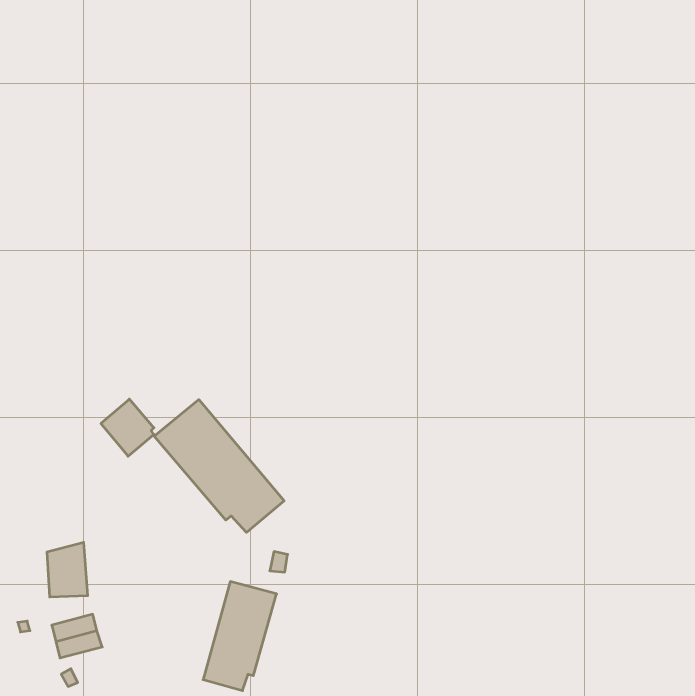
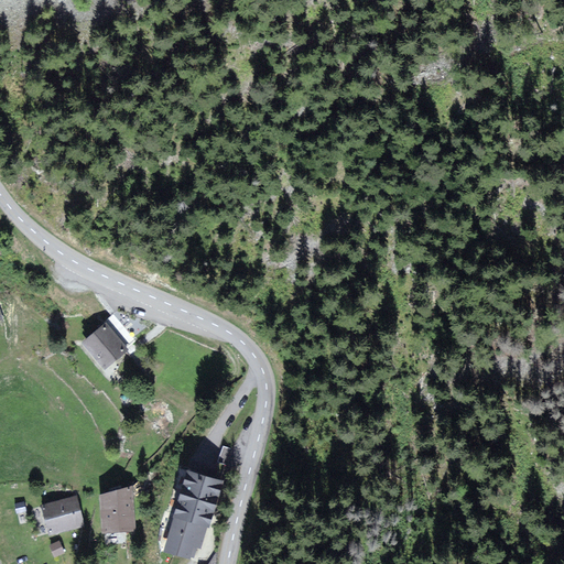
building: [154,400,284,532] -> none
building: [47,542,88,597] -> [100,487,133,531]

